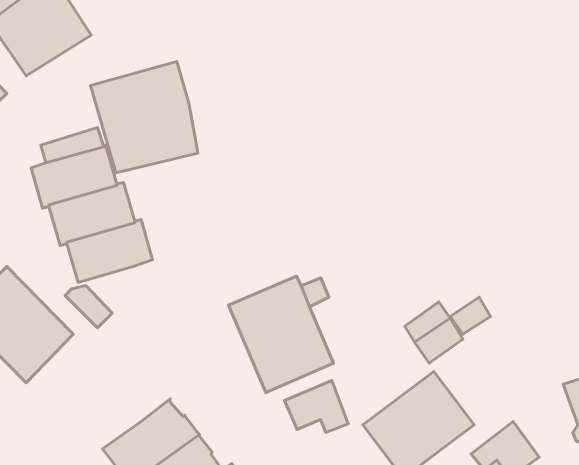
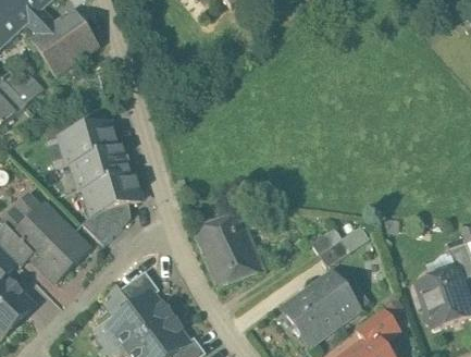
building: [91,62,198,173] -> none
building: none -> [95,202,131,234]
building: none -> [120,269,160,307]
building: [285,381,348,433] -> none

